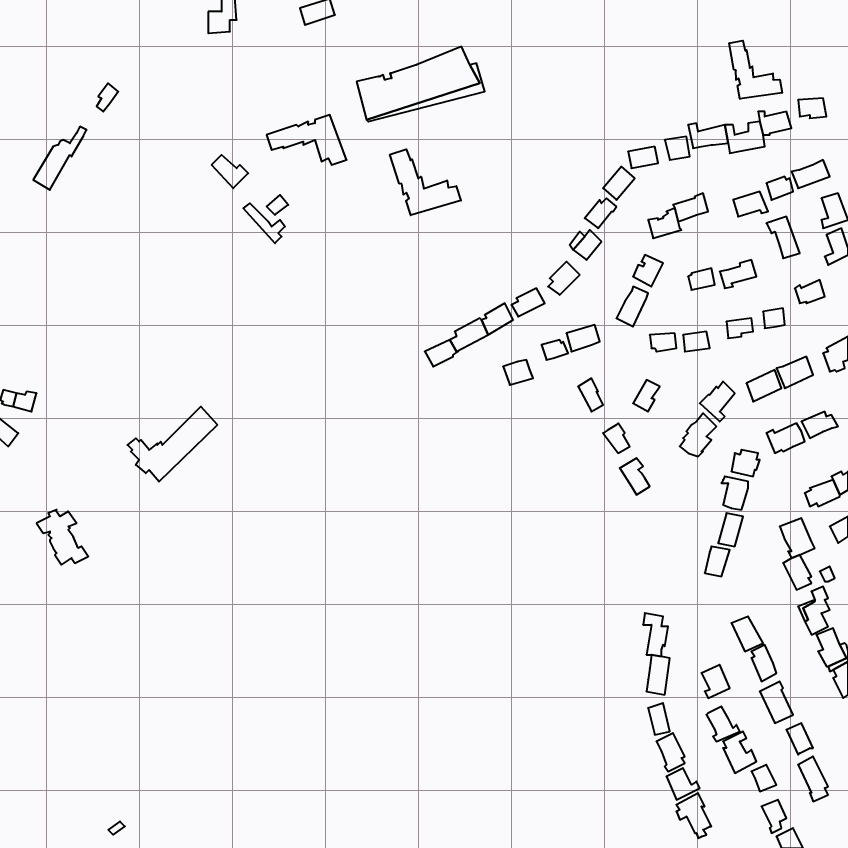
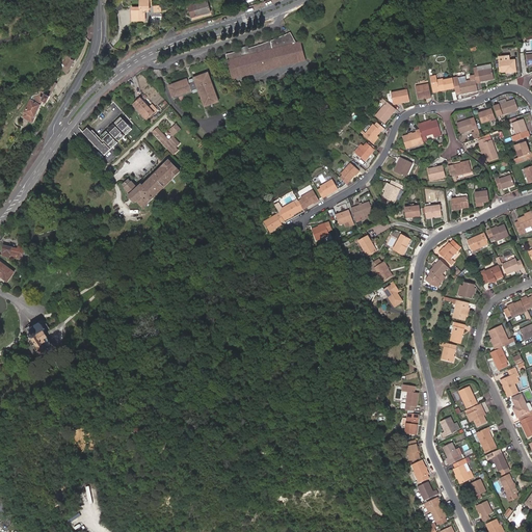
building: [729,41,782,99] -> none
building: [390,149,461,215] -> none
building: none -> [81,115,130,153]
building: [127,407,217,482] -> [122,158,178,205]

